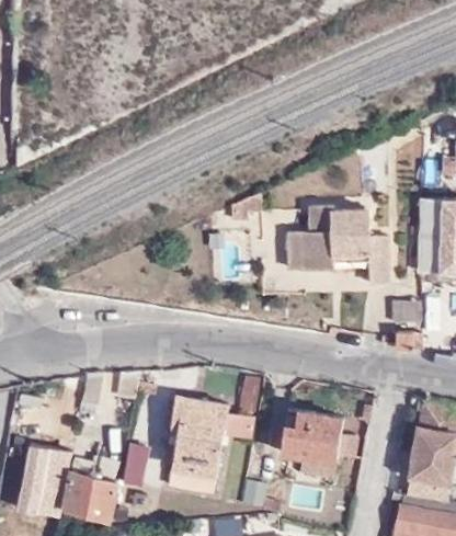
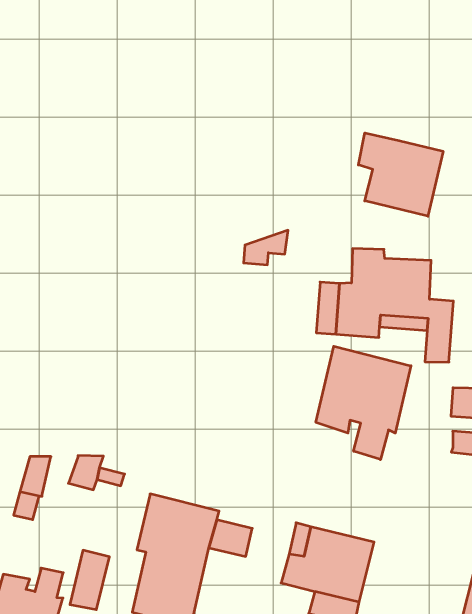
building: none -> [358,133,443,216]
building: none -> [316,346,411,460]

